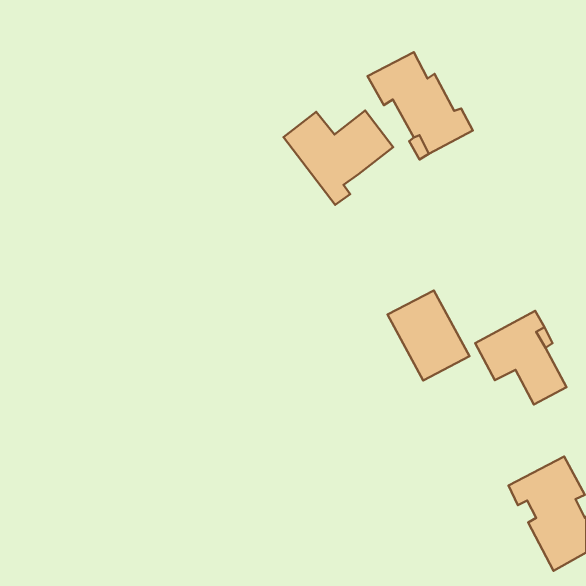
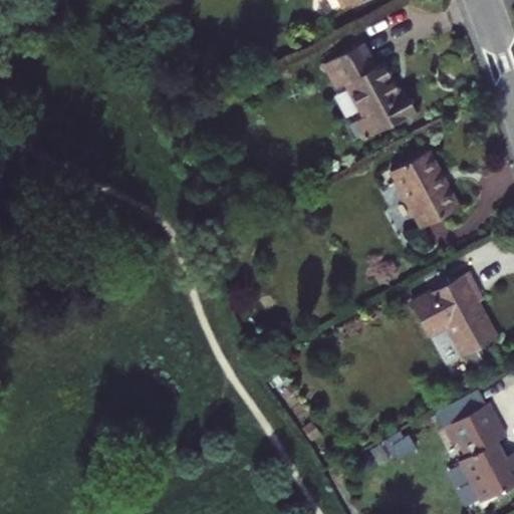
building: [283,111,393,205] -> none
building: [387,290,470,381] -> [393,150,464,228]

